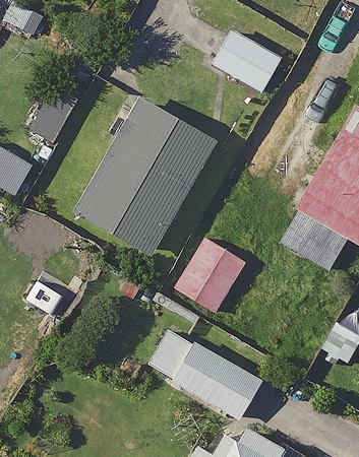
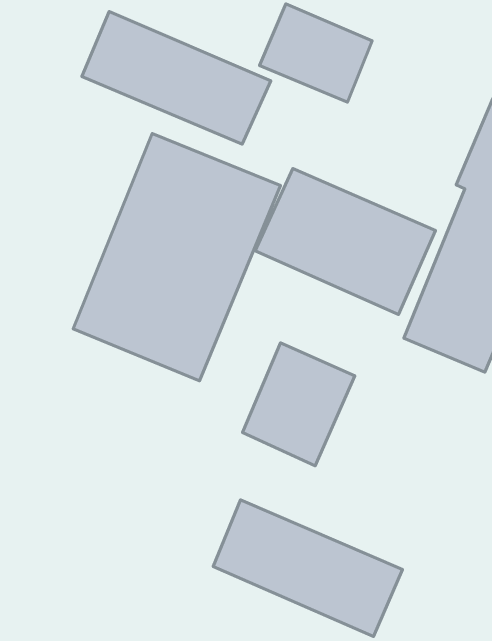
building: none -> [82,12,271,144]
building: none -> [255,169,435,315]

